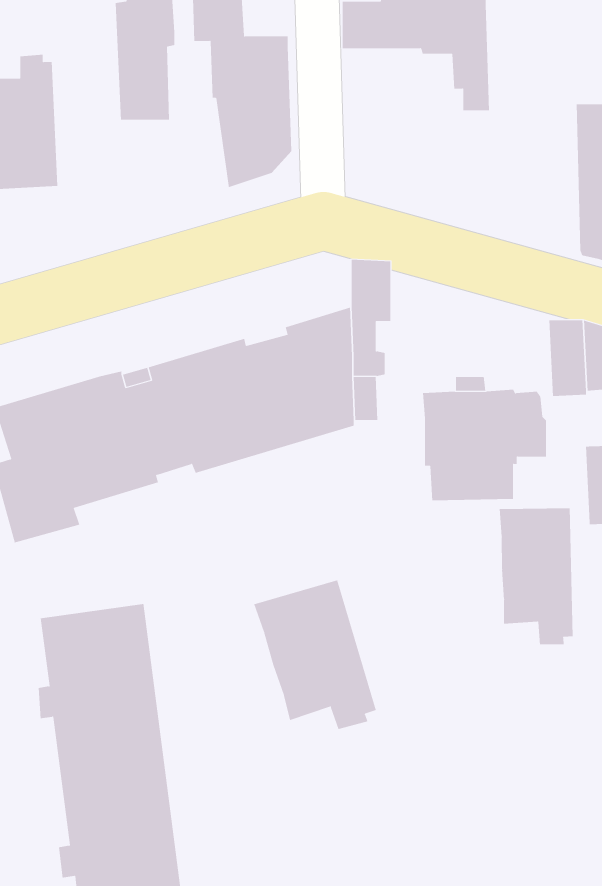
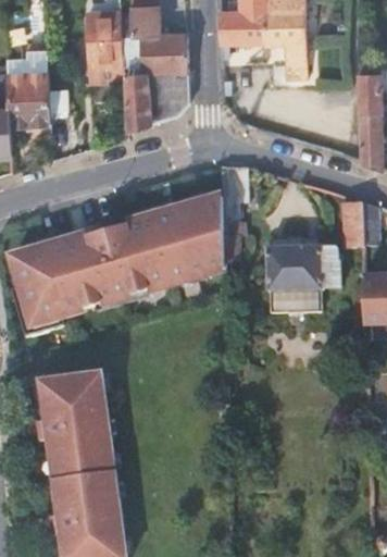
building: none -> [120,48,151,132]
building: [499,507,573,645] -> none
building: [253,579,377,730] -> none

